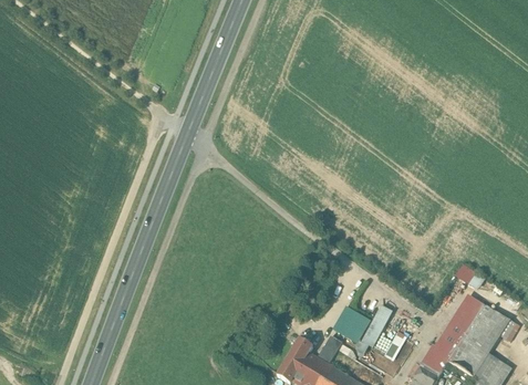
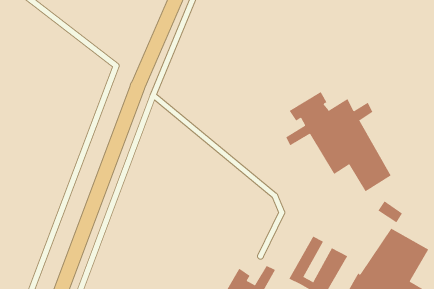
building: none -> [286,91,392,192]
building: [332,303,370,341] -> none

